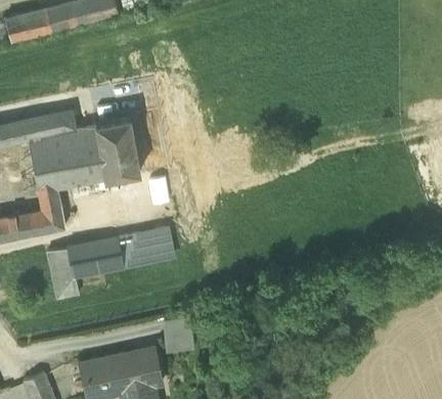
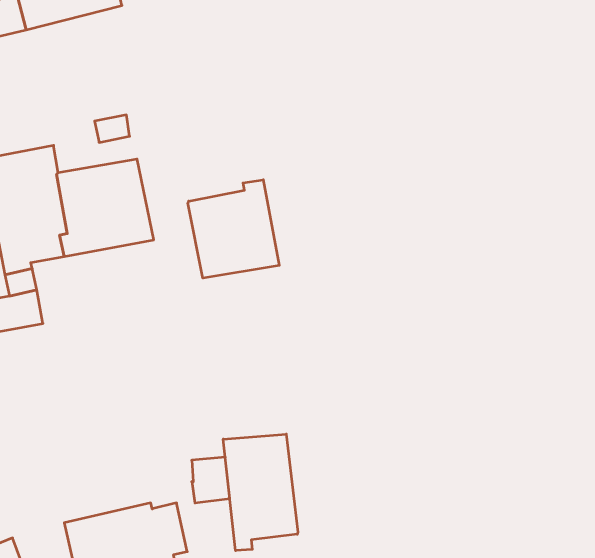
building: none -> [188,180,279,278]
building: [48,229,173,300] -> none
building: none -> [223,434,298,551]

